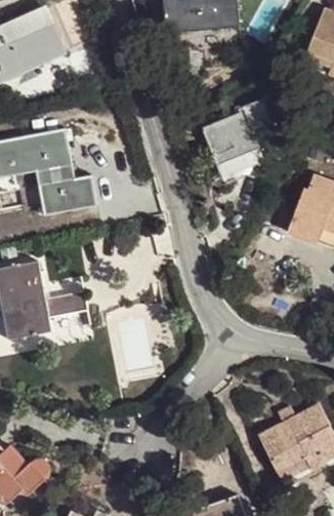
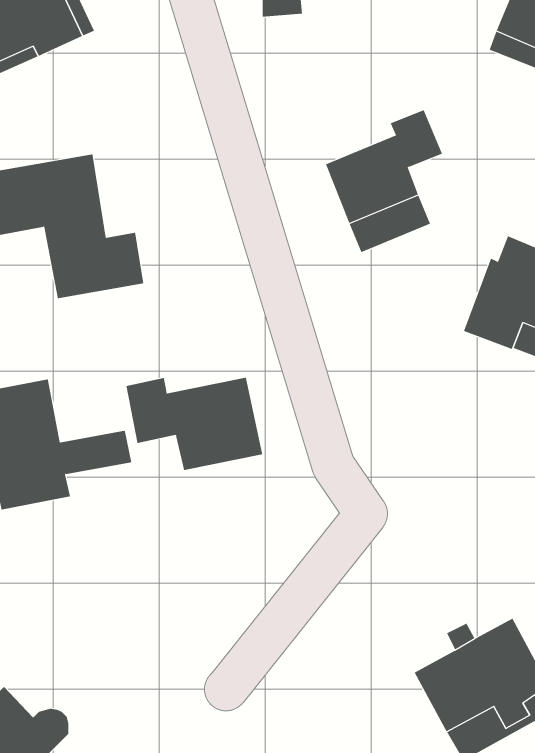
building: none -> [126,377,263,471]

